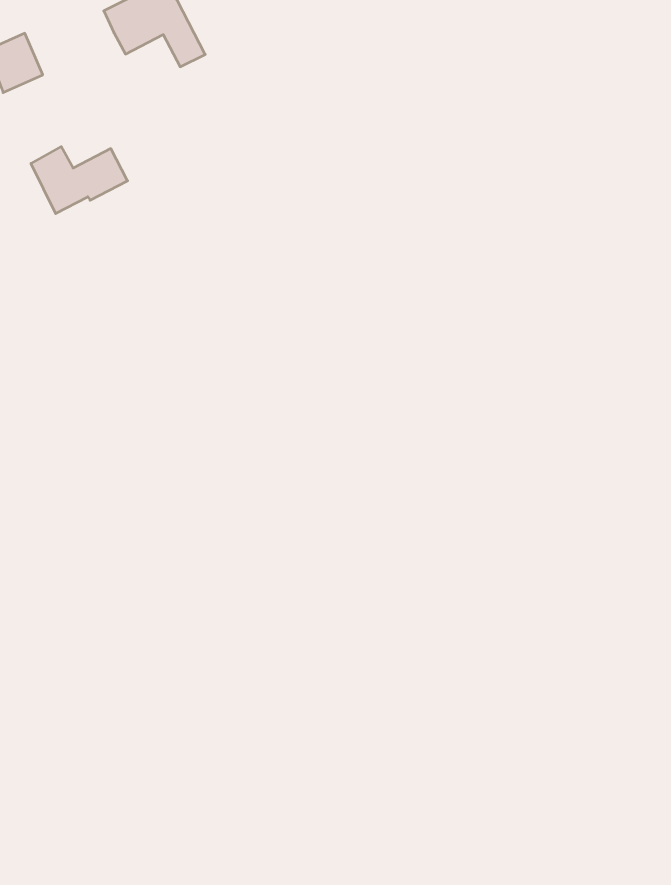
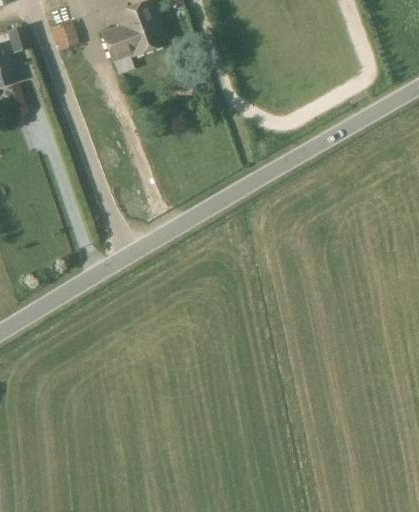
building: [31,147,128,214] -> [103,24,153,59]

